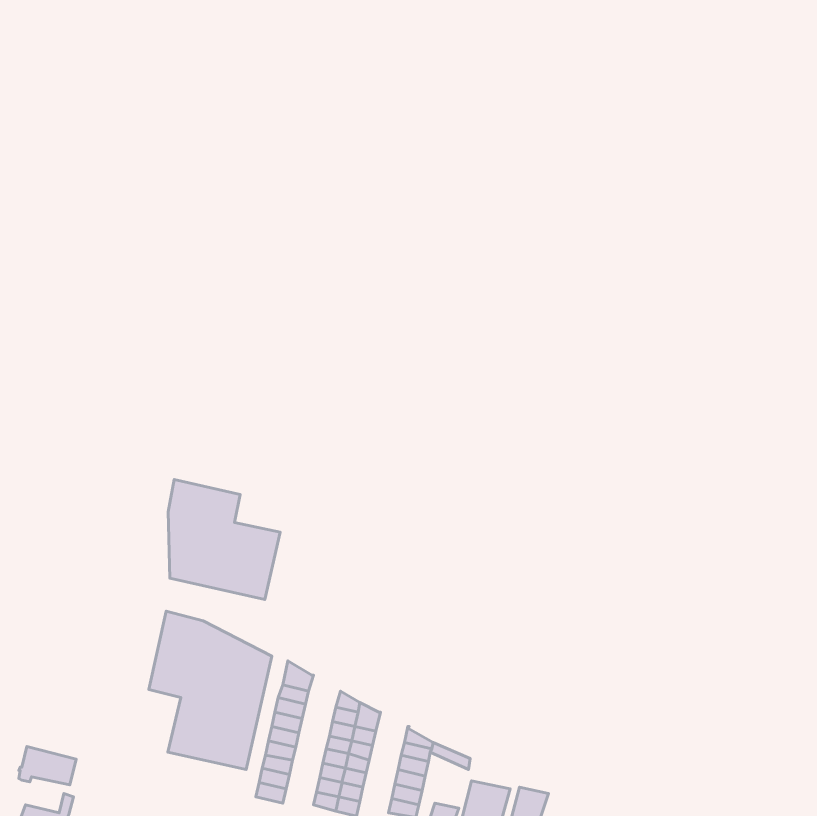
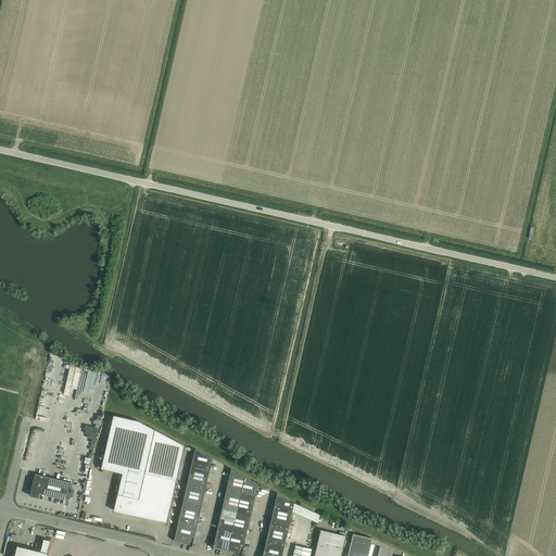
building: [168,480,280,600] -> none
building: [19,746,76,785] -> [30,475,70,501]

